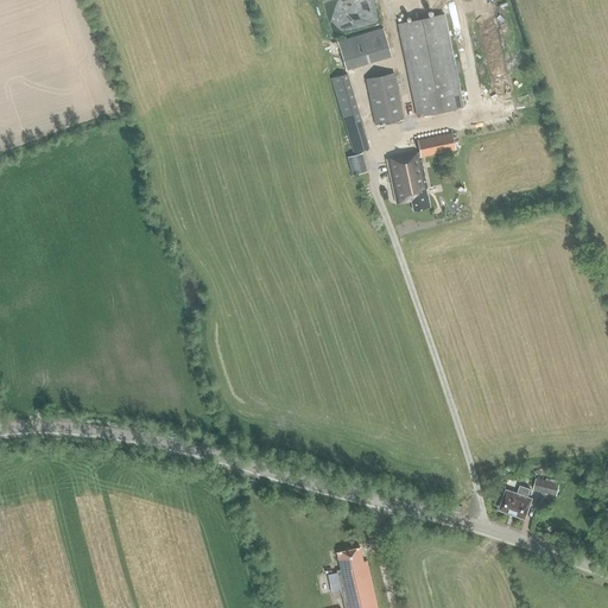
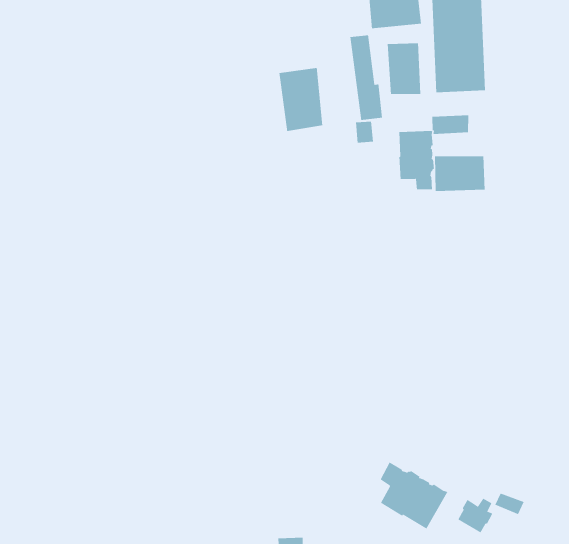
building: none -> [279,67,323,132]
building: none -> [435,156,485,192]
building: none -> [380,461,448,529]

